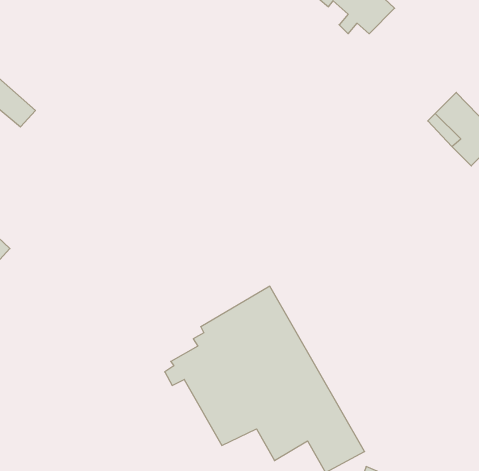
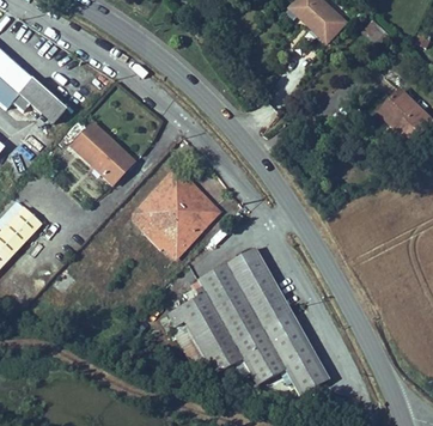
building: none -> [74,114,138,176]
building: none -> [126,172,206,258]

